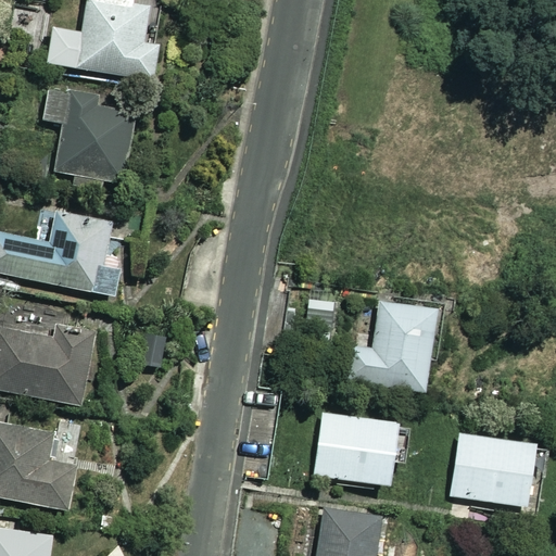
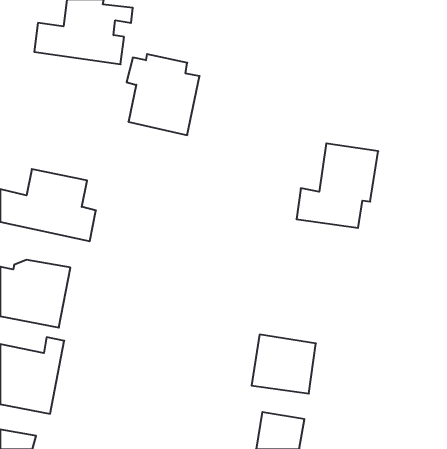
building: [43,87,134,187] -> [127,54,200,135]
building: [345,288,446,392] -> [296,143,378,228]
building: [451,433,531,507] -> none

